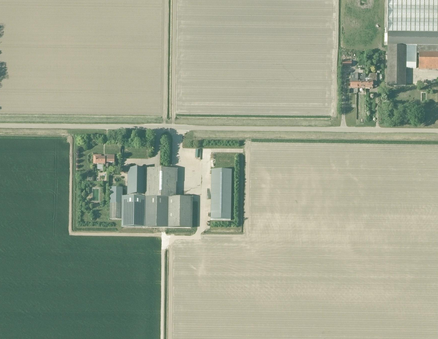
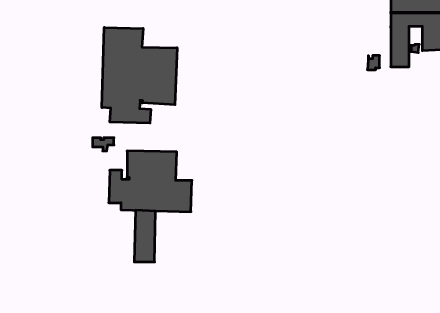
building: none -> [102,27,177,123]
building: [211,168,232,219] -> [134,210,156,262]

